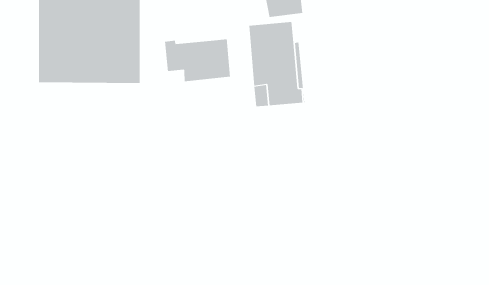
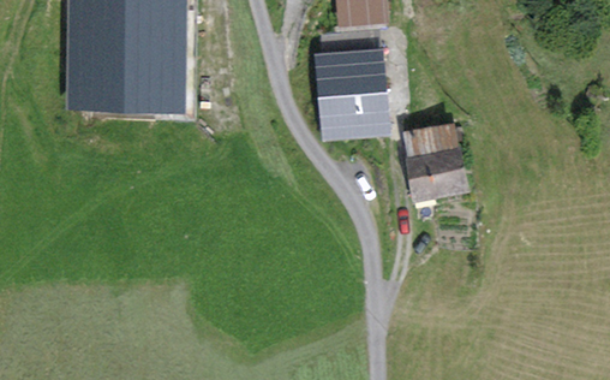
building: [164,39,231,82] -> none
building: none -> [402,131,453,197]

